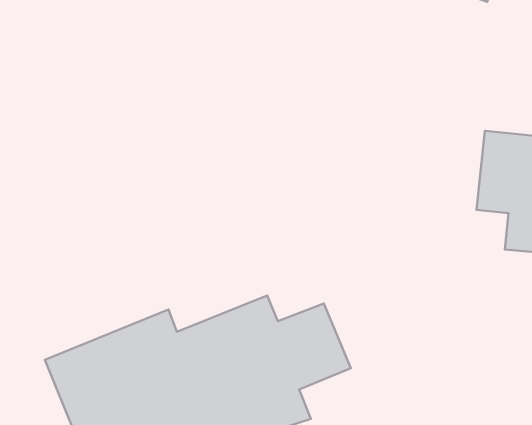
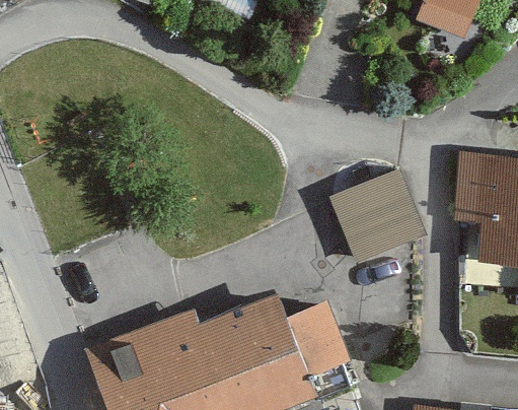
building: none -> [334,173,425,261]

